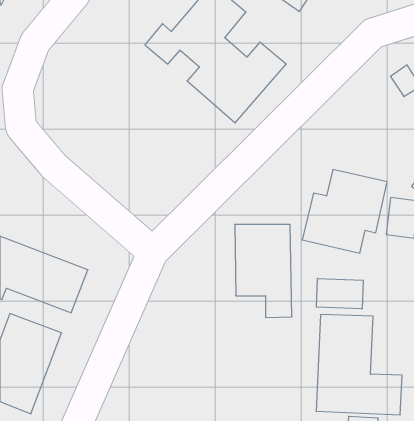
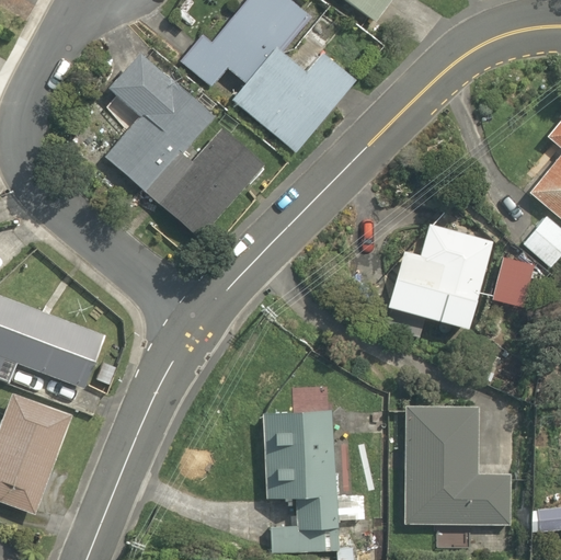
building: none -> [112,61,276,248]
building: [235,224,292,318] -> [259,407,330,523]
building: [316,278,363,309] -> none

